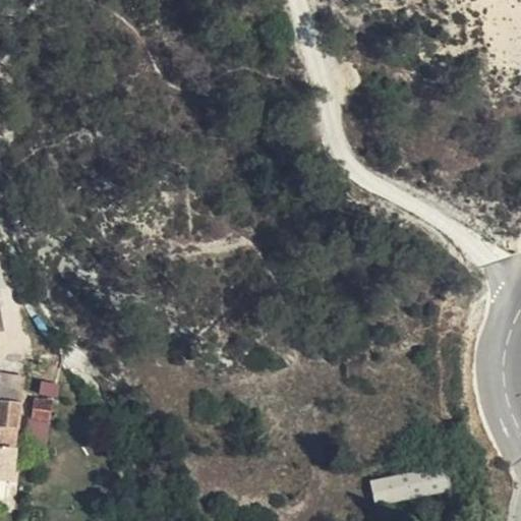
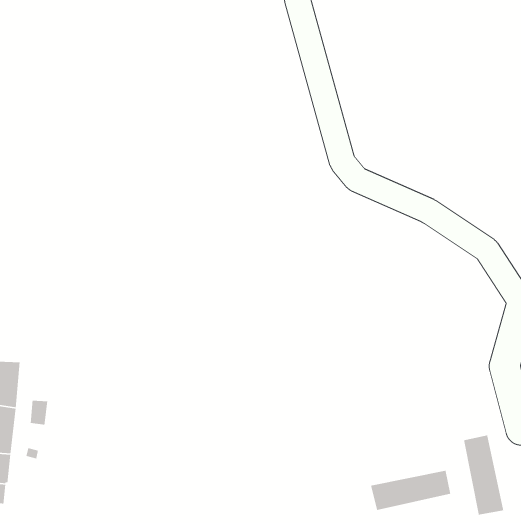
building: none -> [463,435,504,515]

